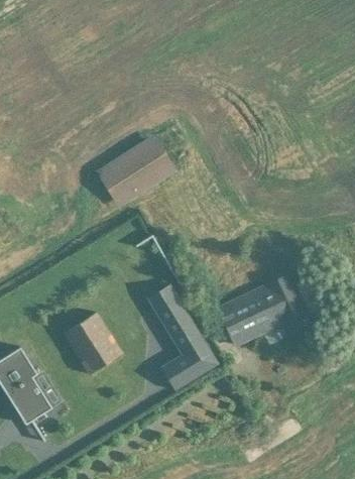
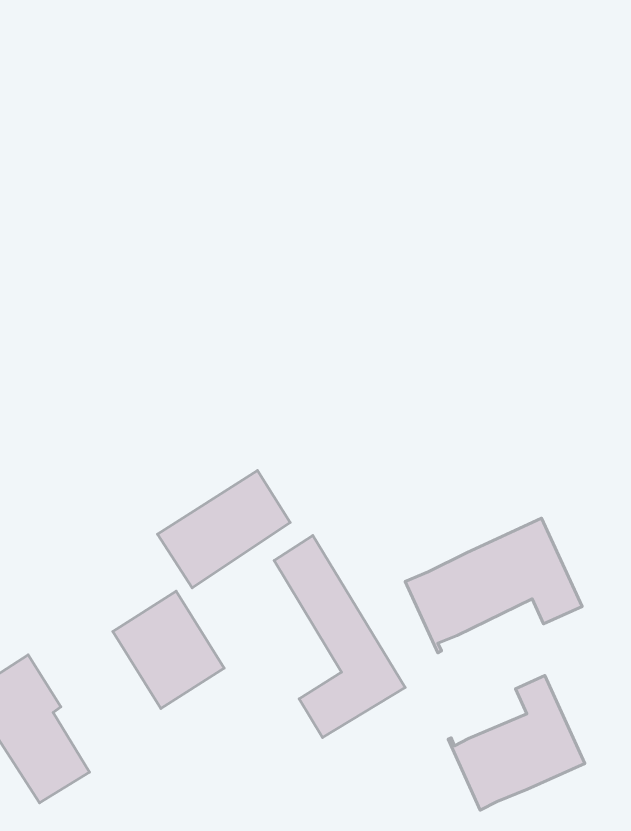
building: [101,141,170,203] -> [158,471,290,588]
building: none -> [448,675,585,810]

